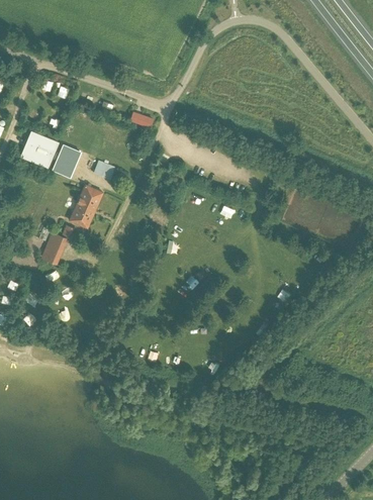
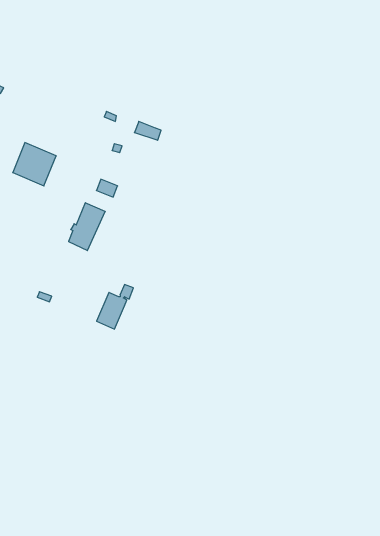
building: [53,145,79,178] -> none
building: [40,225,74,266] -> [97,285,133,329]

